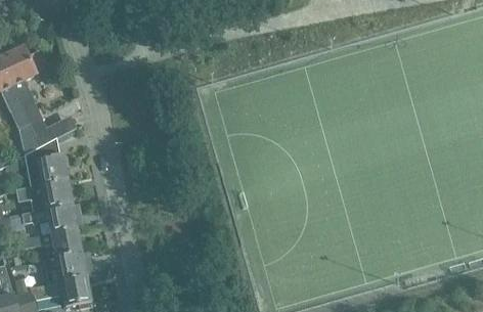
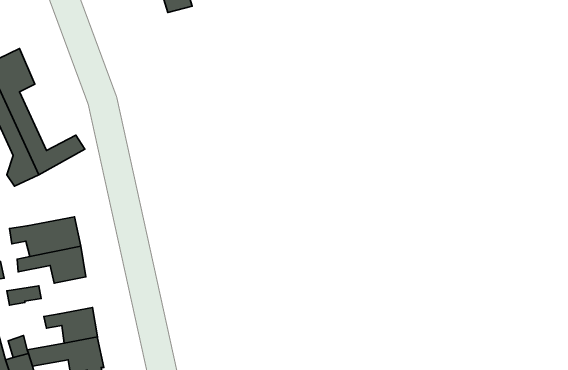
building: [25,138,69,188] -> none
building: [52,229,83,259] -> none

